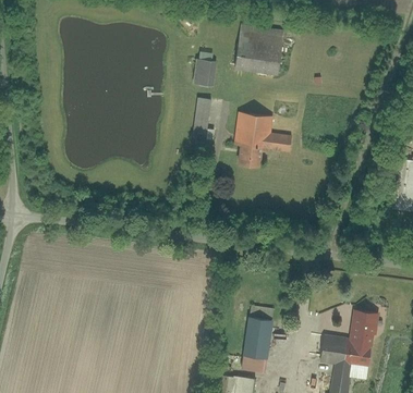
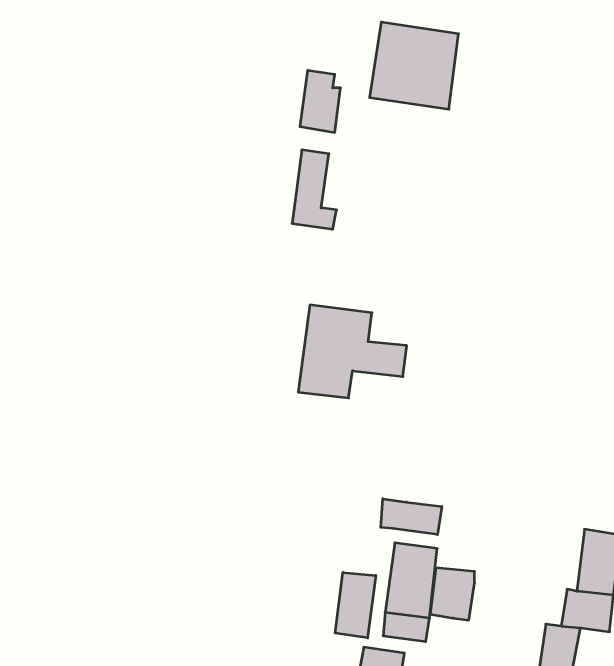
building: [232,109,293,161] -> [298,305,407,398]
building: none -> [381,499,442,535]
building: none -> [335,572,376,638]
building: [320,331,345,360] -> [430,568,475,620]

